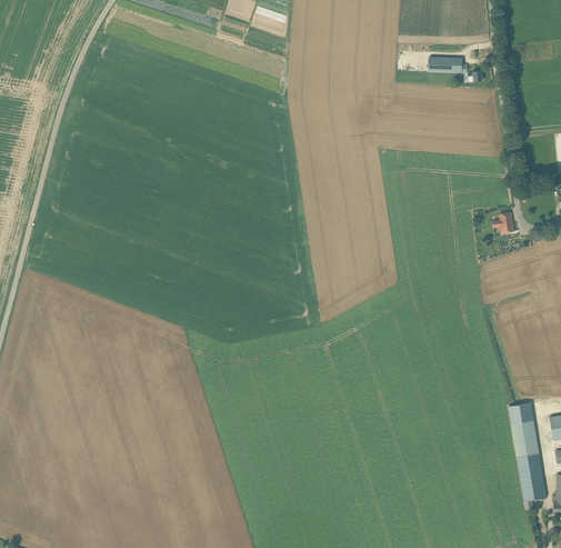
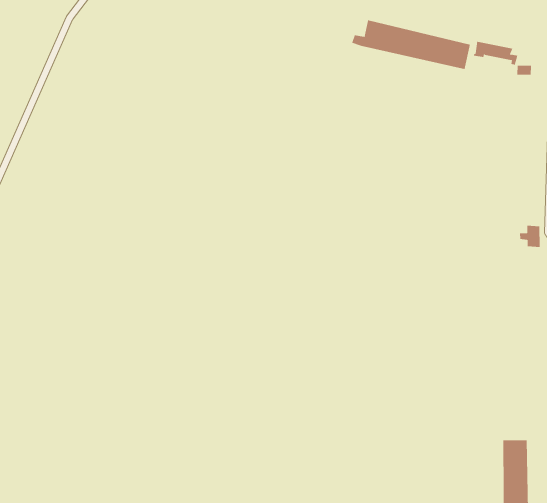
building: none -> [351,19,470,70]

